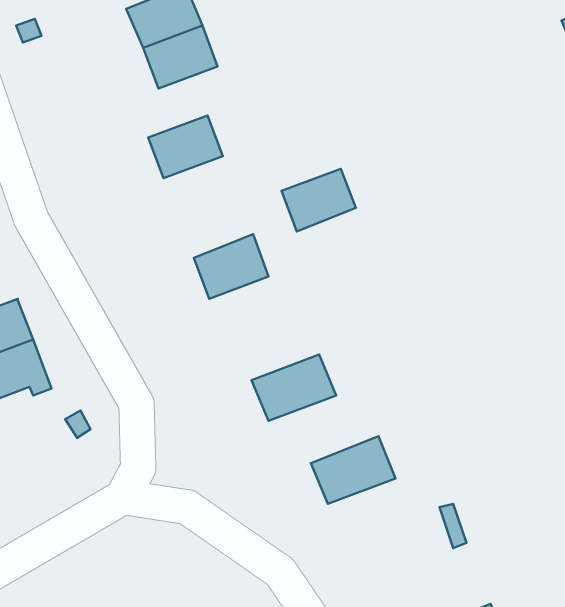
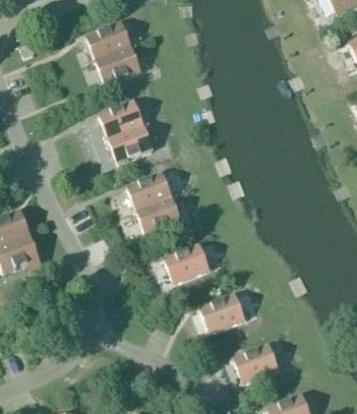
building: [281,169,356,231] -> [109,125,154,163]
building: none -> [136,197,181,235]
building: none -> [231,344,282,385]

